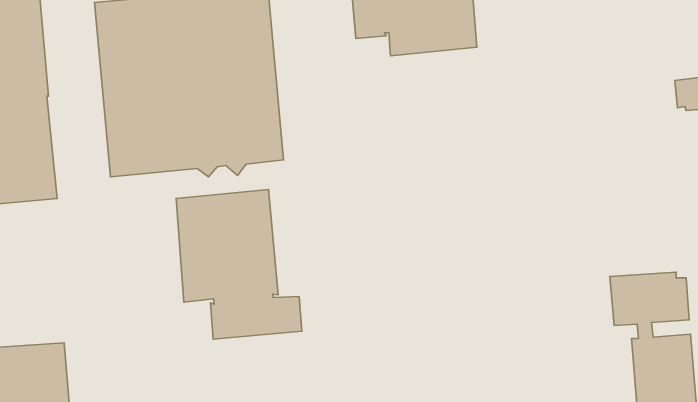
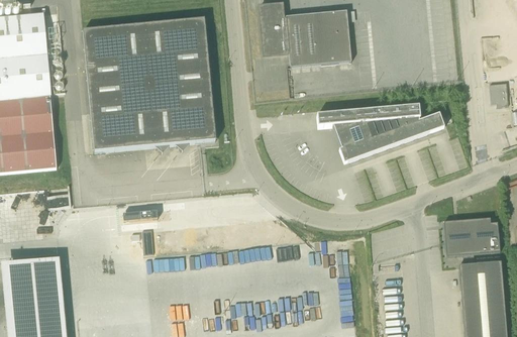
building: none -> [316,104,441,160]
building: [176,190,302,339] -> none

